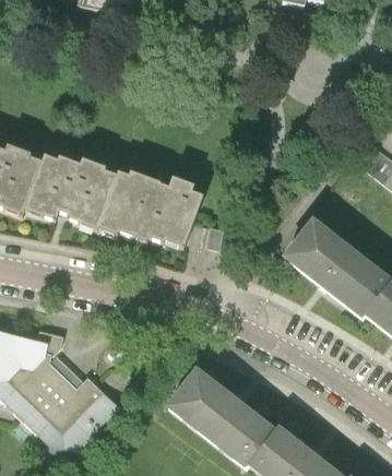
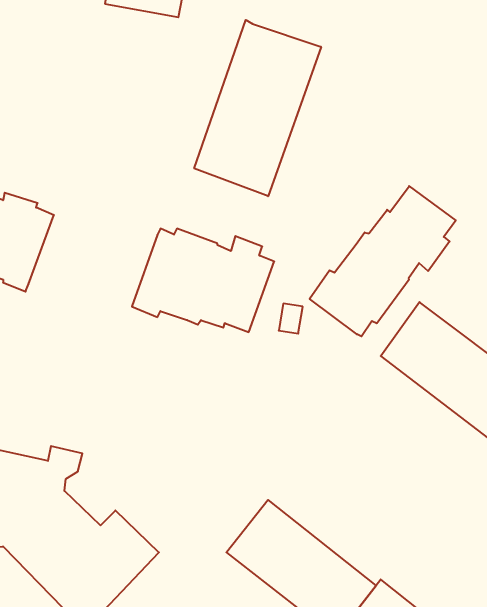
building: none -> [194,20,321,196]
building: none -> [310,186,456,336]
building: [24,154,118,229] -> none

